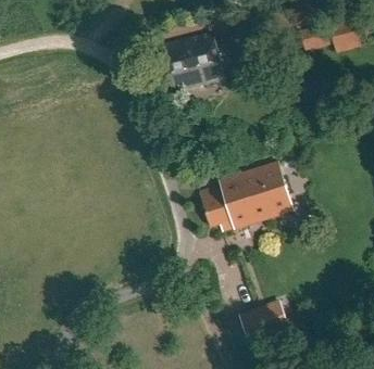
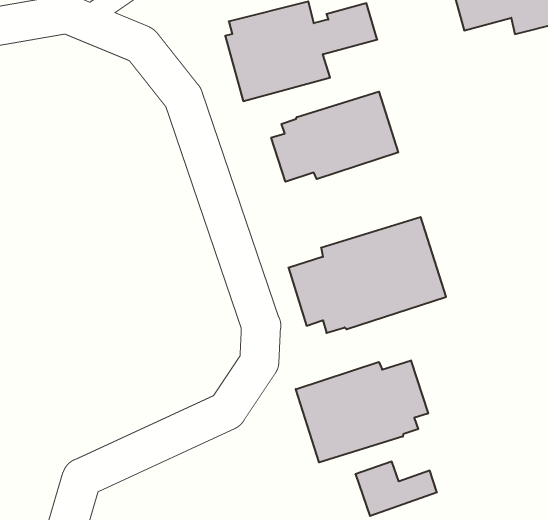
building: none -> [271,92,398,182]
building: none -> [296,360,428,462]

